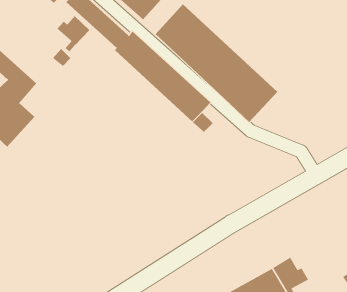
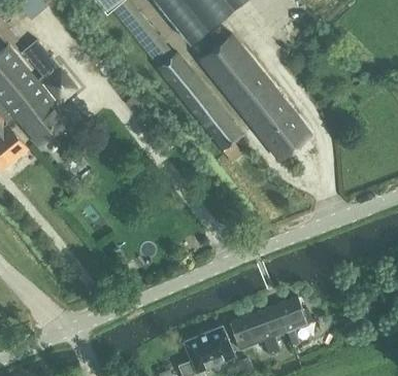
building: [56,15,90,53] -> none

